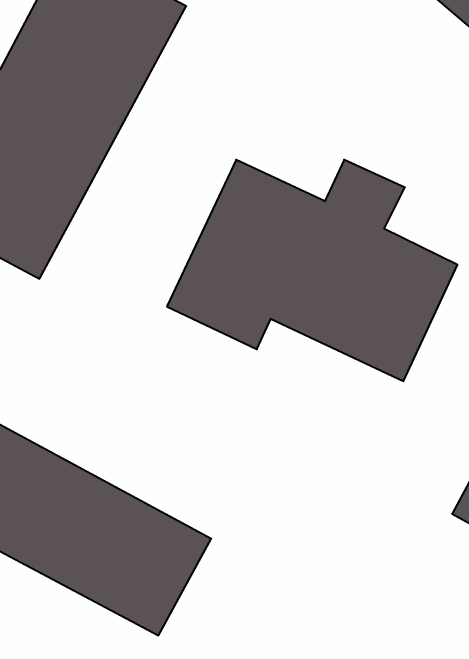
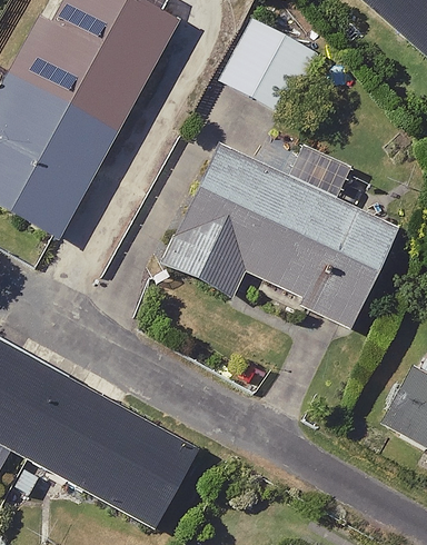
building: none -> [220,19,317,115]

